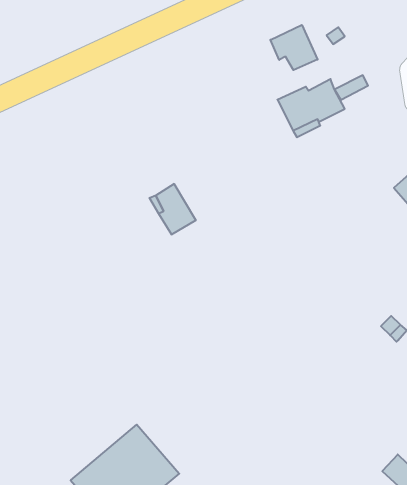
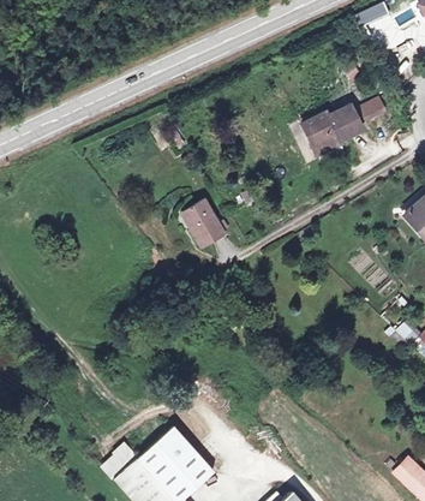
building: [270,25,318,70] -> none

